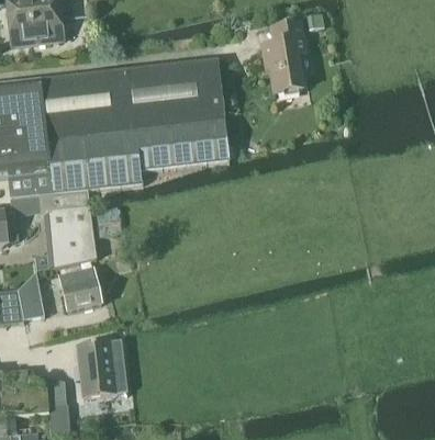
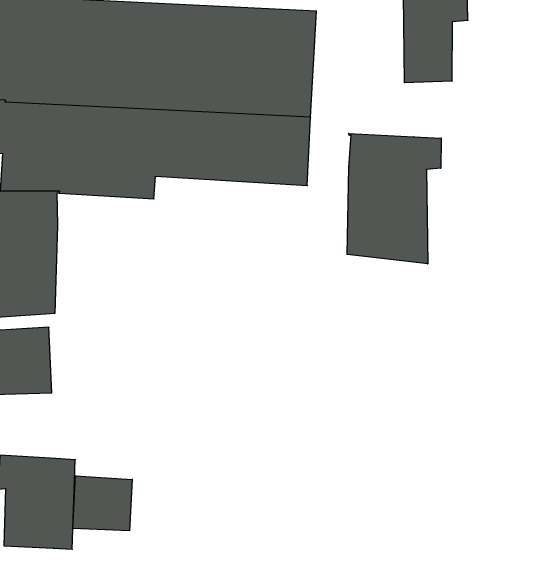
building: none -> [347,133,441,264]
building: none -> [73,476,132,531]

